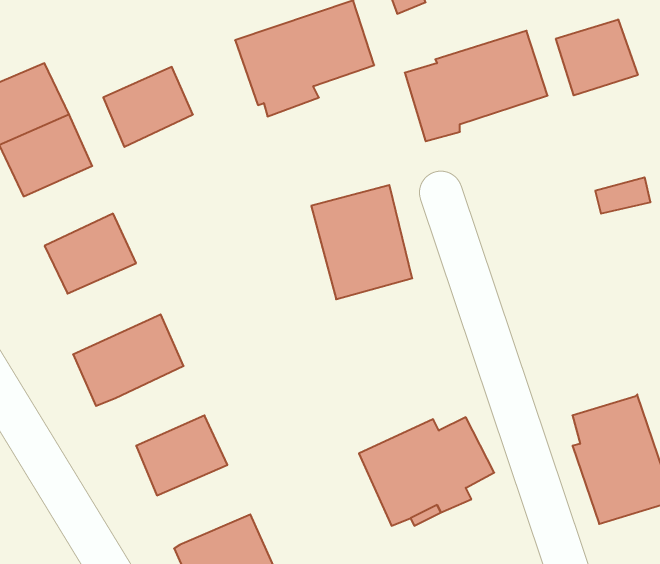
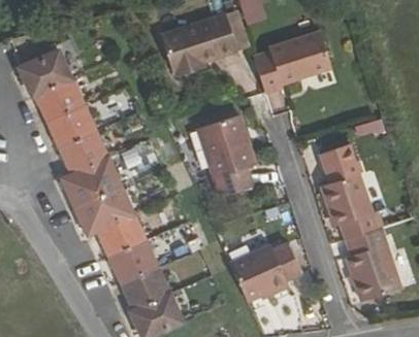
building: [556,19,638,95] -> none
building: [103,67,193,147] -> [46,105,95,148]
building: none -> [322,145,378,240]
building: none -> [61,158,121,207]
building: none -> [96,213,144,257]
building: none -> [119,267,169,310]

